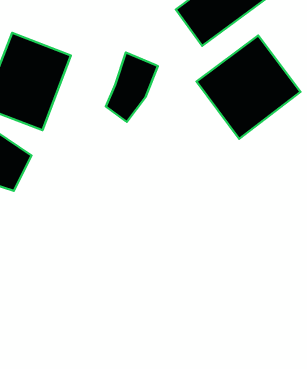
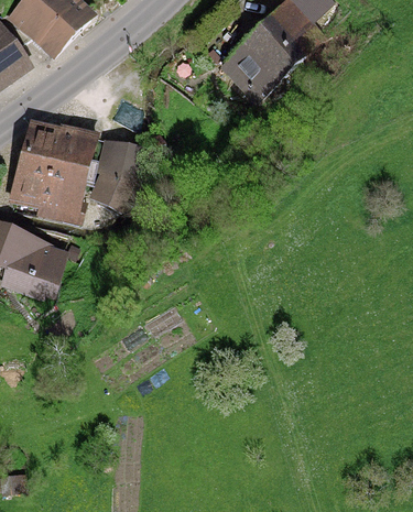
building: [196,35,300,139] -> none
building: [106,53,158,122] -> [90,131,143,208]

